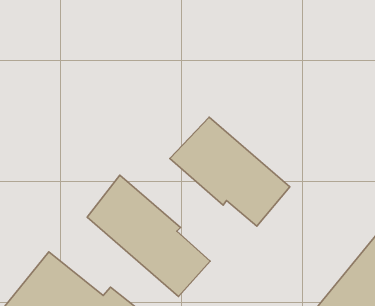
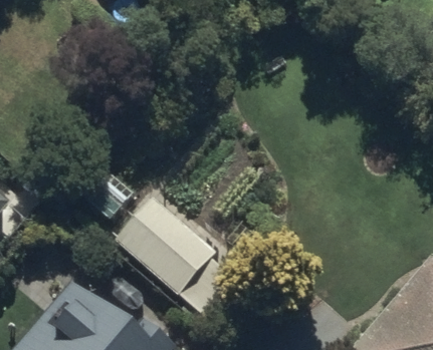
building: [170,117,290,226] -> none

